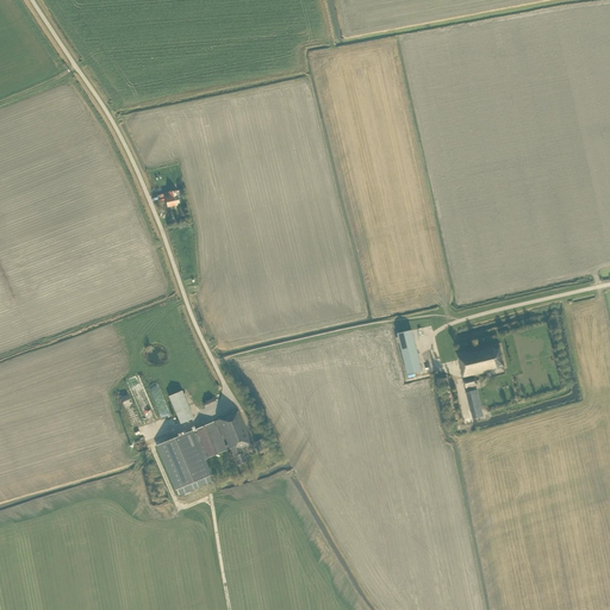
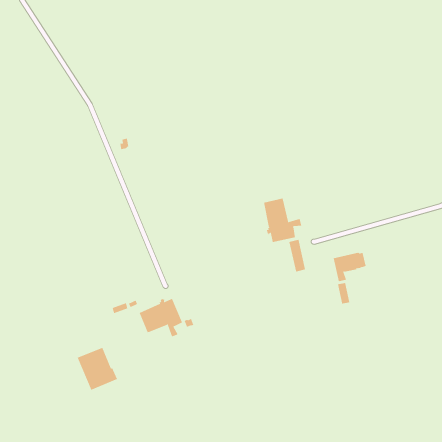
building: none -> [264,198,302,243]
building: [155,430,211,490] -> [77,347,118,391]

